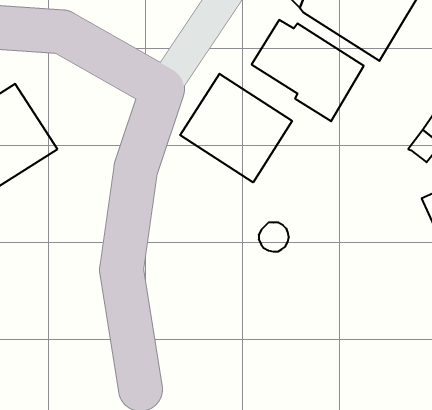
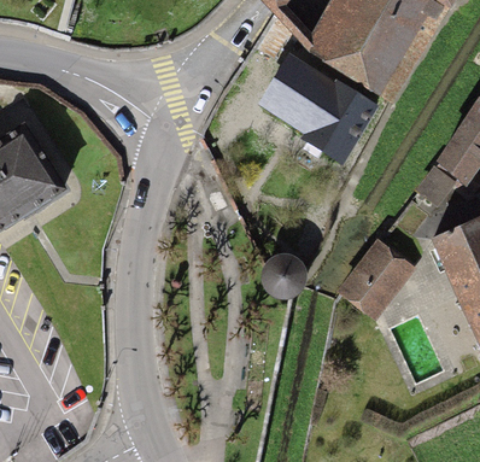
building: [180,74,292,182] -> none
building: none -> [341,240,402,306]

